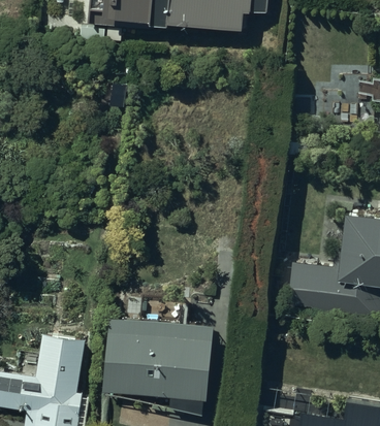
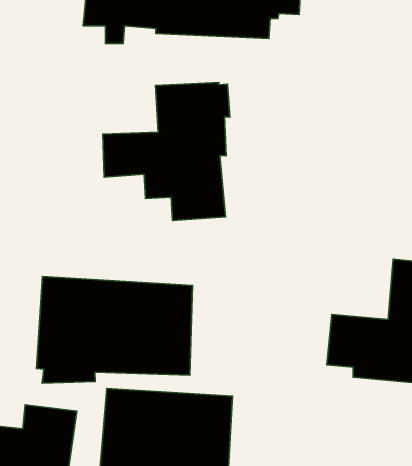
building: none -> [103,82,230,220]
building: none -> [37,277,192,383]

